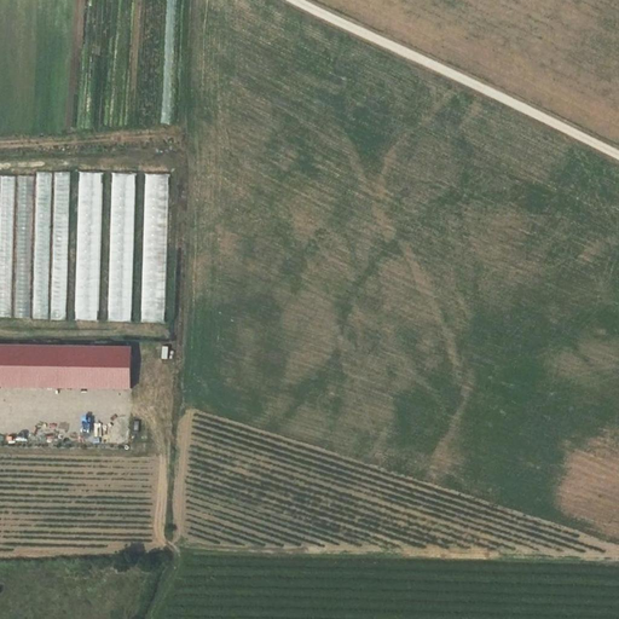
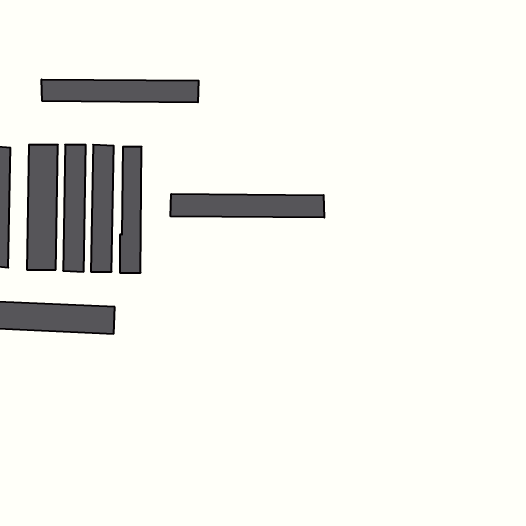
building: none -> [42,79,199,102]
building: [15,173,31,314] -> none
building: none -> [171,194,324,218]

